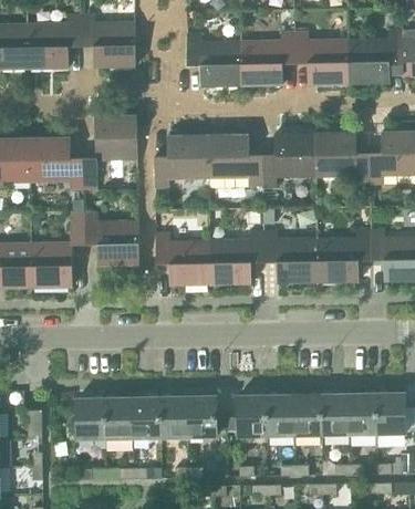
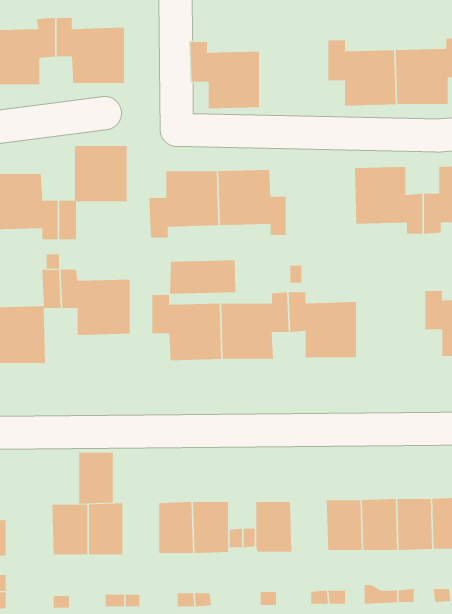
building: [241,32,294,85] -> none
building: [262,133,317,186] -> none
building: none -> [170,259,236,295]
building: [318,229,371,282] -> none
building: [266,394,294,435] -> none
building: [134,396,162,437] -> [78,452,114,504]

